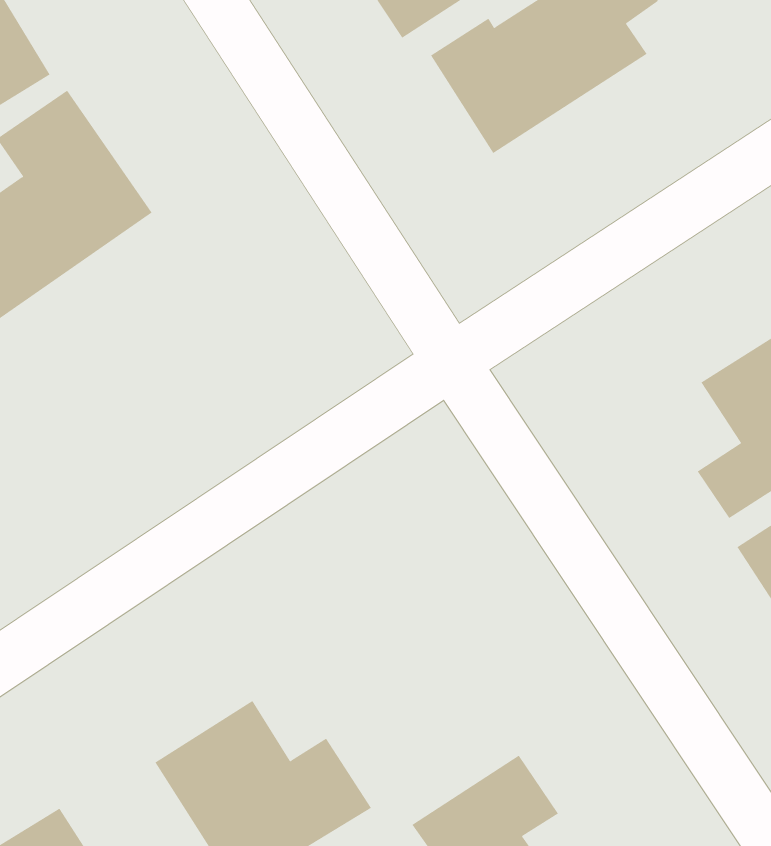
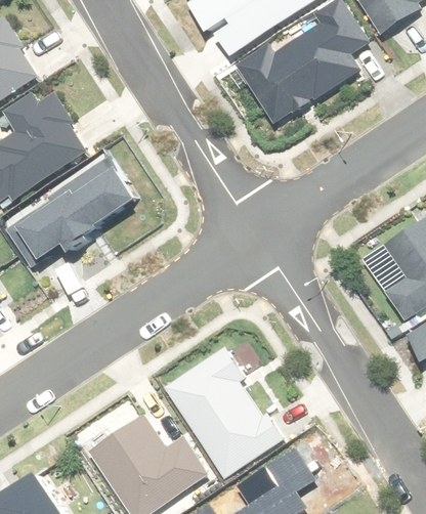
building: none -> [16,159,137,261]
building: none -> [165,347,285,477]

